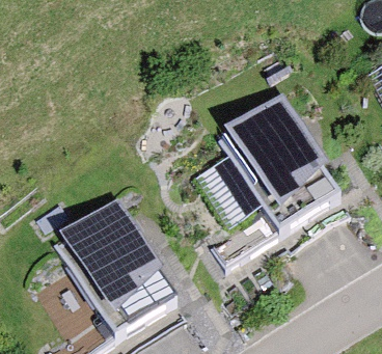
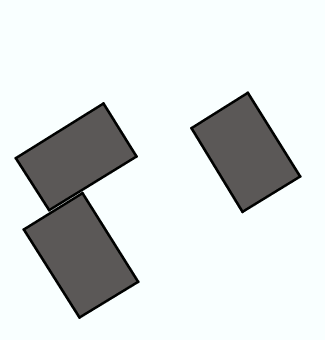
building: none -> [16,104,136,210]

